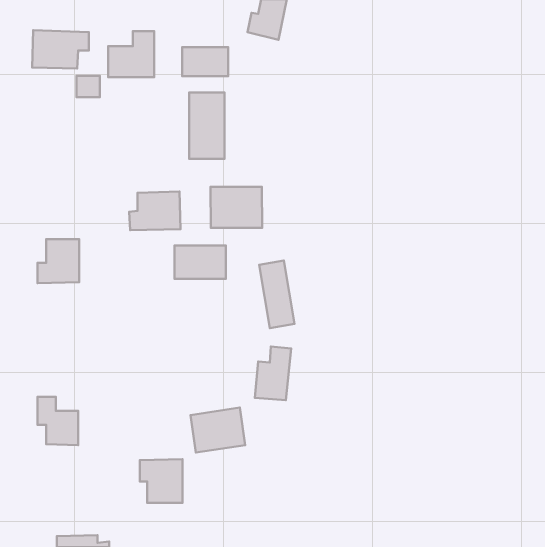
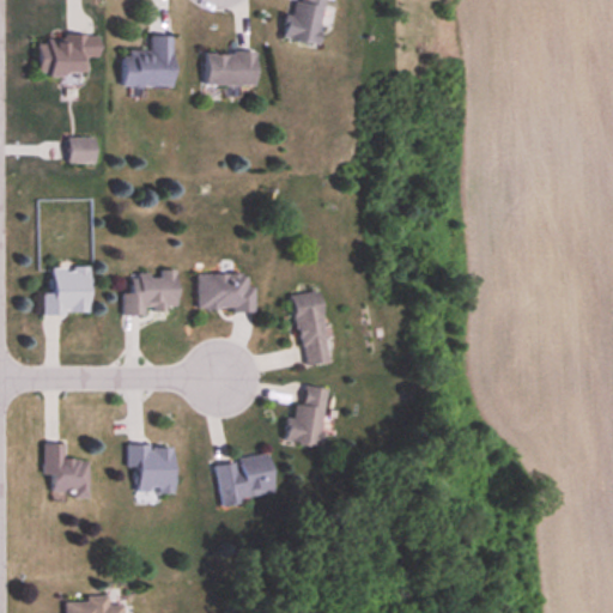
building: [76,76,100,97] -> [69,138,96,162]
building: [189,92,224,159] -> none
building: [211,187,262,228] -> none
building: [129,192,180,230] -> [122,271,180,314]
building: [140,459,183,503] -> [127,444,175,493]

